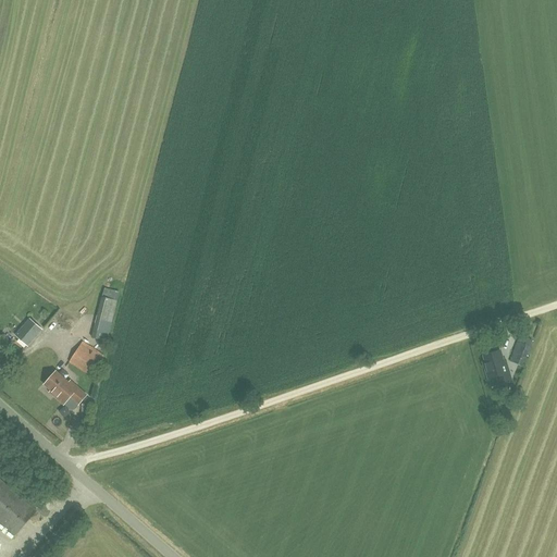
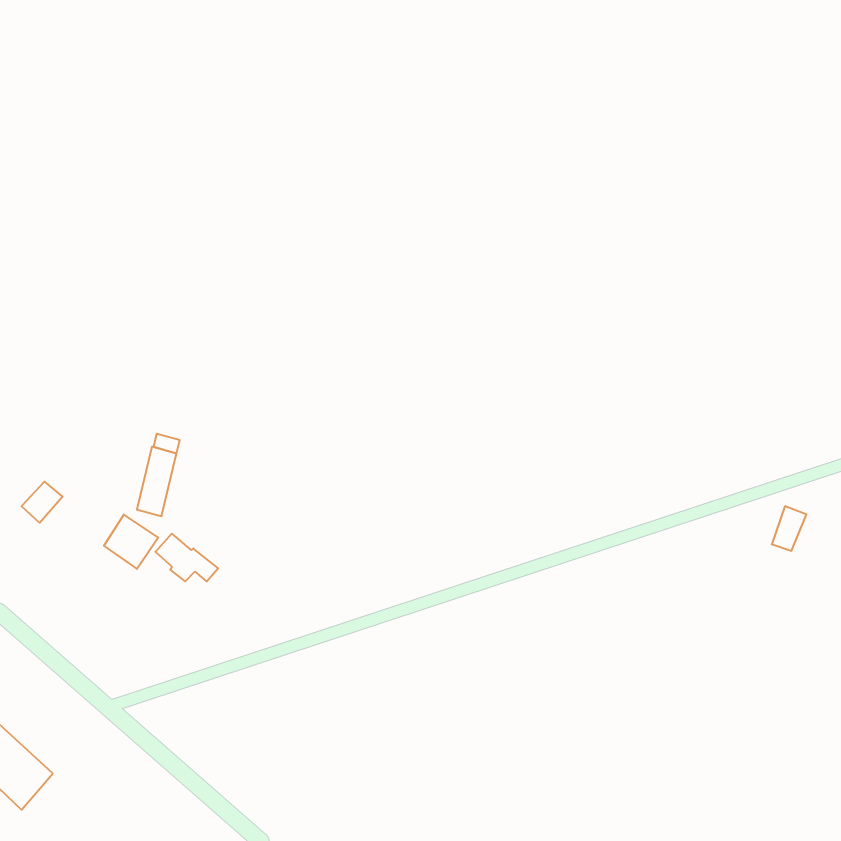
building: [483,350,509,382] -> none
building: [45,370,86,401] -> [155,534,218,581]

